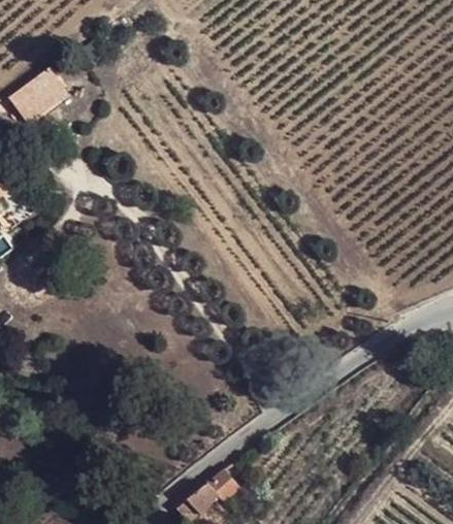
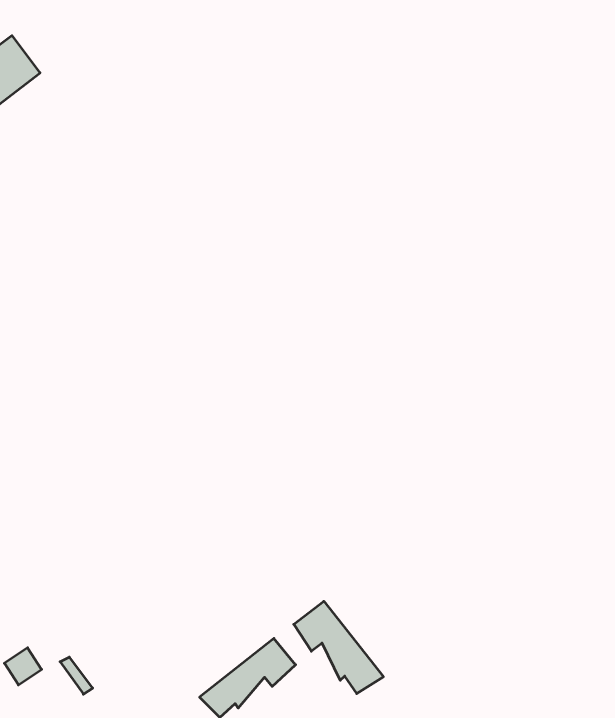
building: none -> [294,601,383,694]

